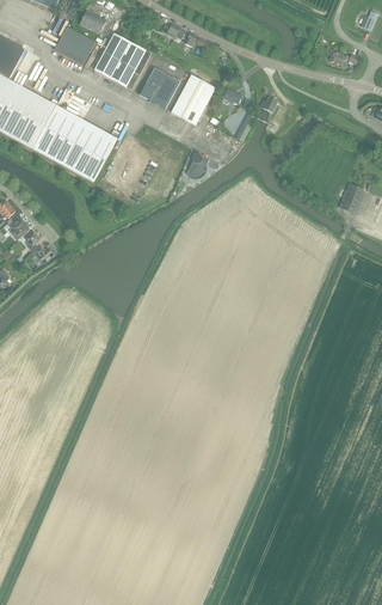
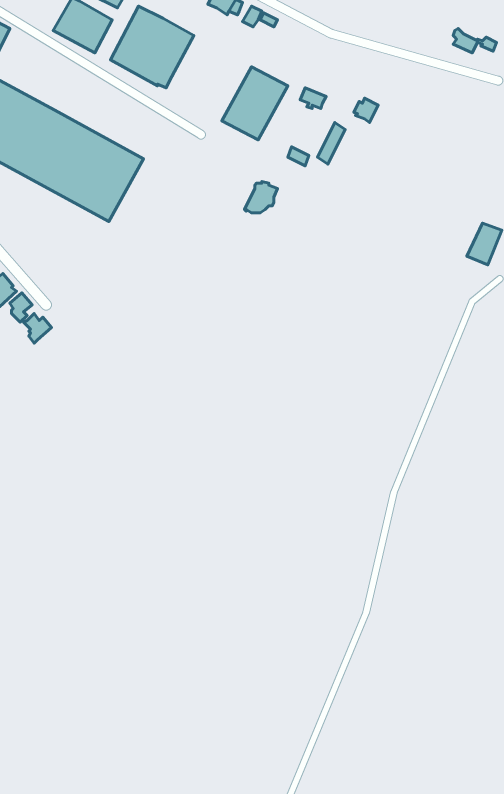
building: [138,67,179,108] -> none

